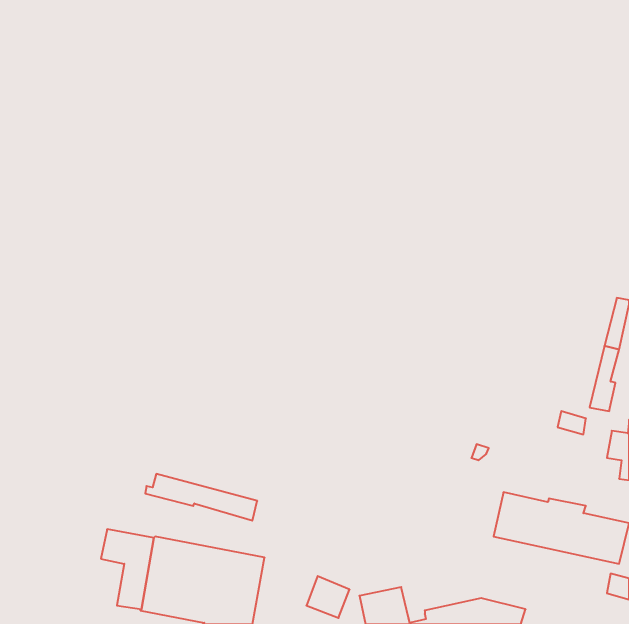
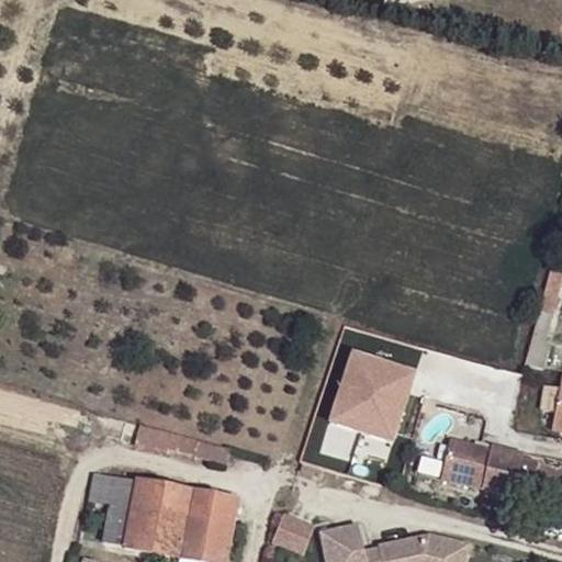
building: none -> [331,353,414,441]

